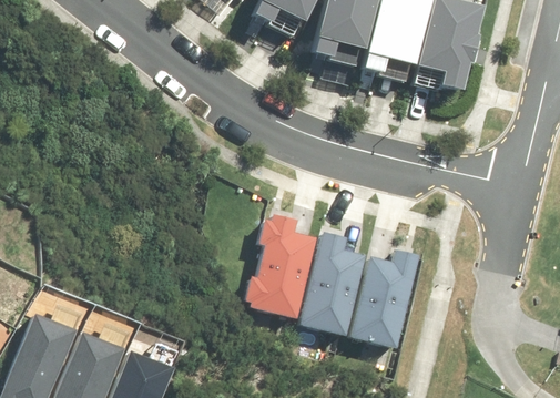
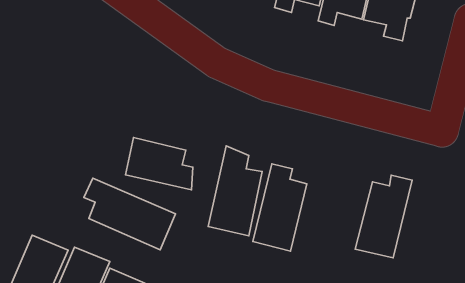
building: none -> [125,137,193,190]
building: none -> [84,178,175,250]
building: [348,251,415,347] -> [355,175,412,258]

